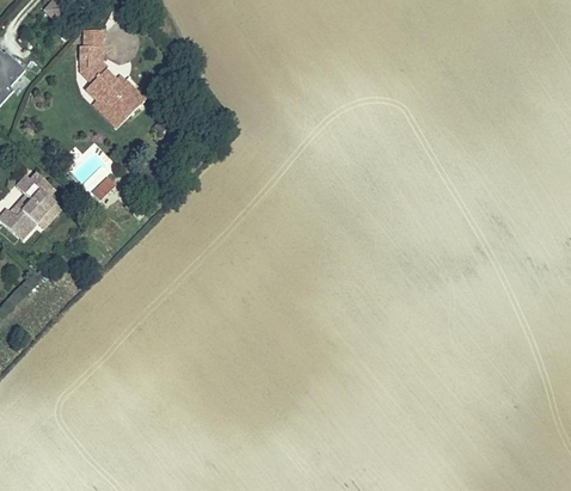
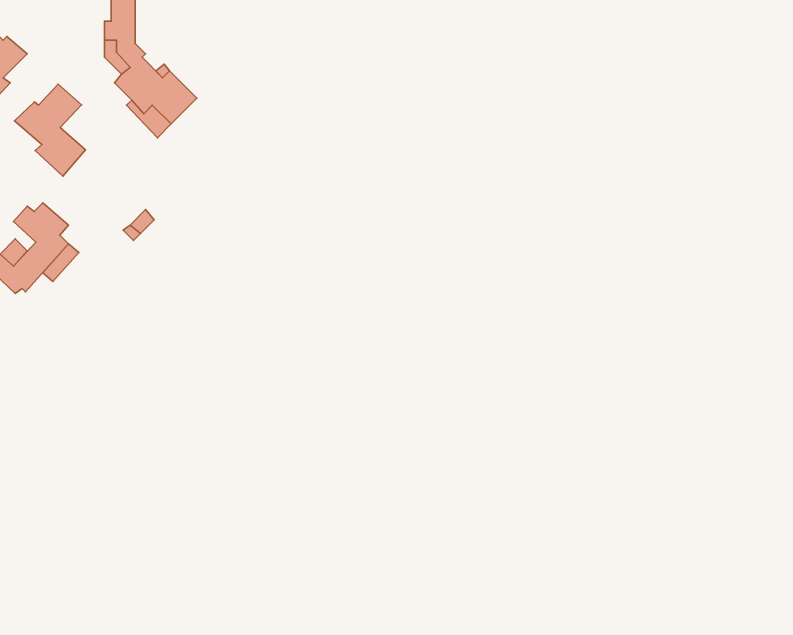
building: none -> [15,84,86,176]

